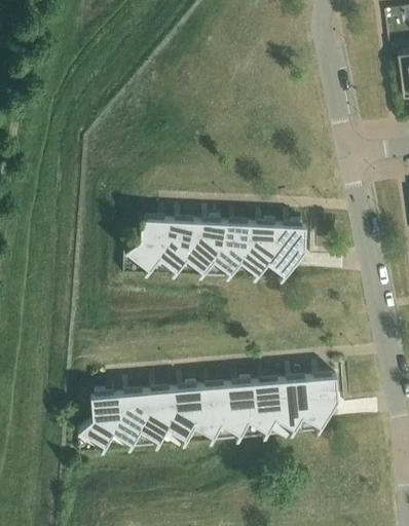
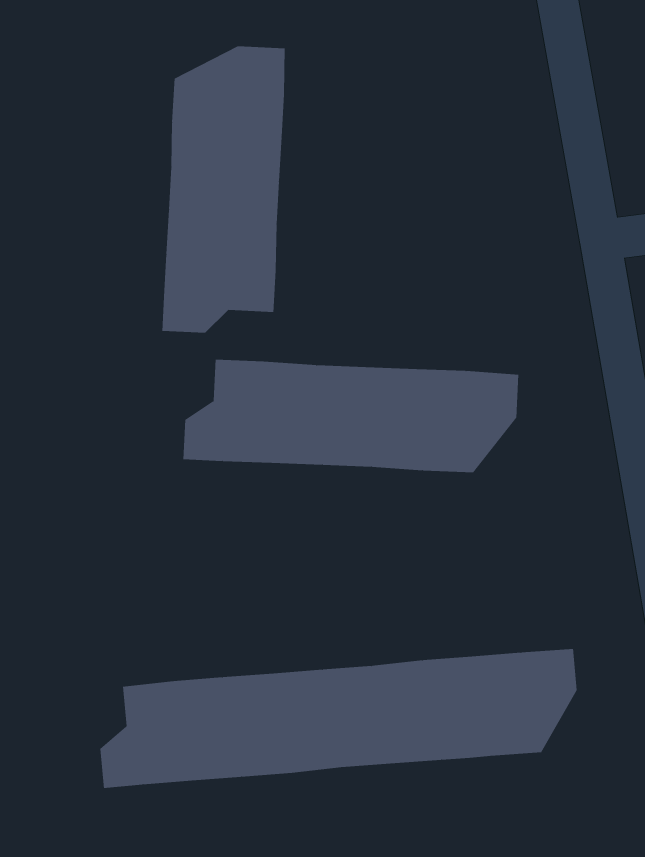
building: none -> [162,46,285,333]

